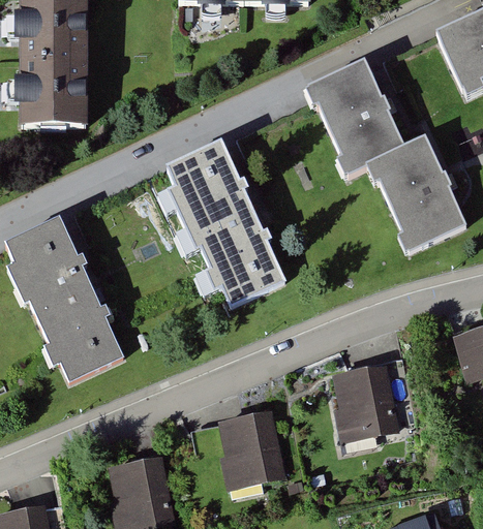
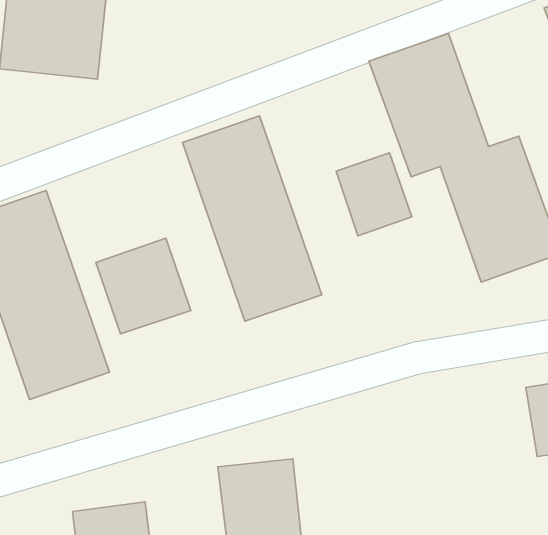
building: none -> [336,153,412,236]
building: none -> [96,238,191,334]
building: [332,362,406,442] -> none

